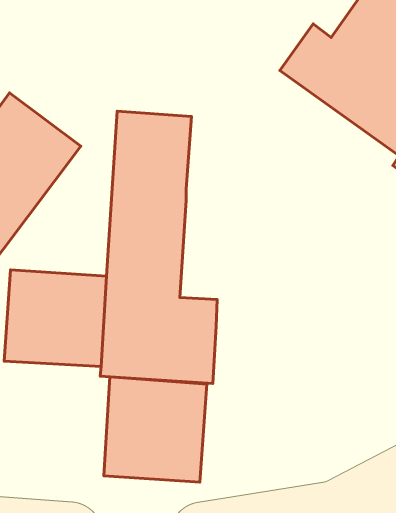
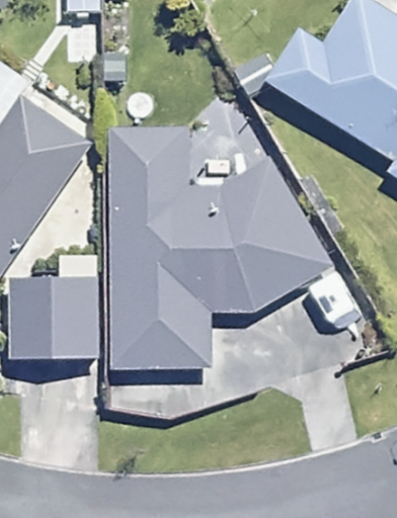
building: none -> [182,159,323,321]
building: [104,377,207,482] -> none

